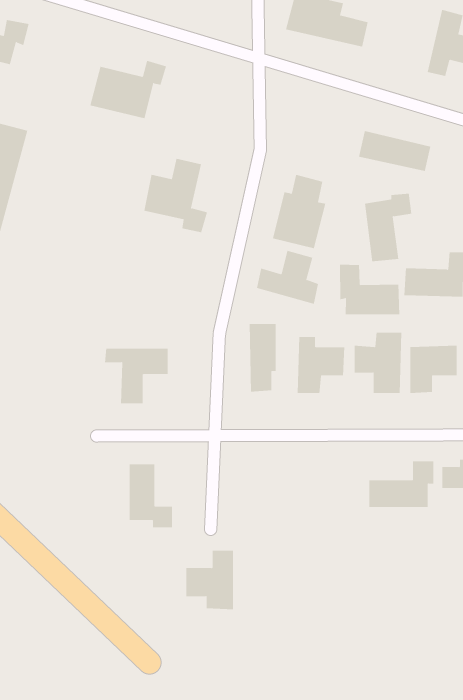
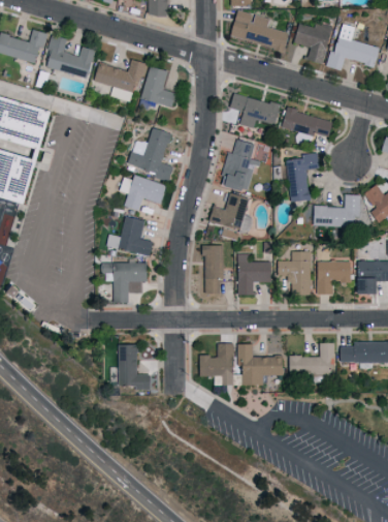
building: none -> [293,22,333,64]
building: none -> [45,35,95,78]
building: none -> [141,66,175,105]
building: none -> [229,93,280,128]
building: none -> [119,175,166,211]
building: [339,264,400,315] -> none
building: none -> [106,216,153,256]
building: none -> [237,343,282,385]
building: [186,550,234,610] -> [198,343,232,386]

